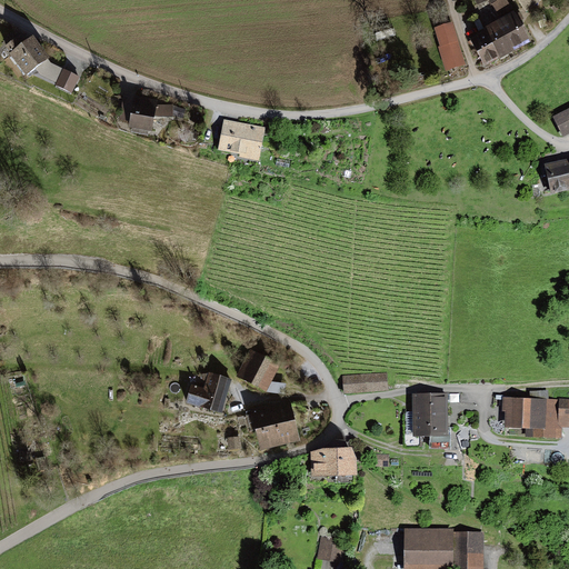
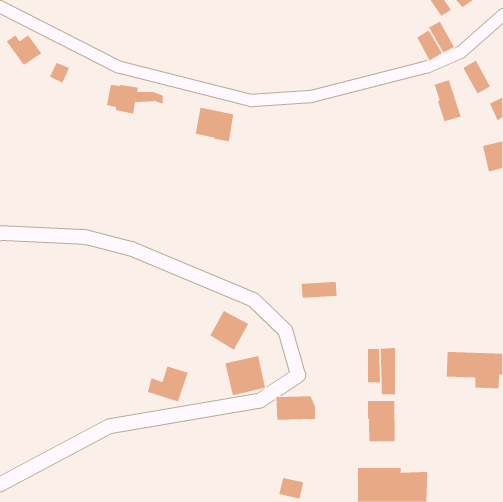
building: [497,14,529,53] -> [462,60,491,94]
building: [435,23,466,71] -> [434,80,461,122]
building: [187,371,233,412] -> [147,366,188,402]
building: [342,373,383,392] -> [301,281,337,298]
building: none -> [368,400,395,442]

